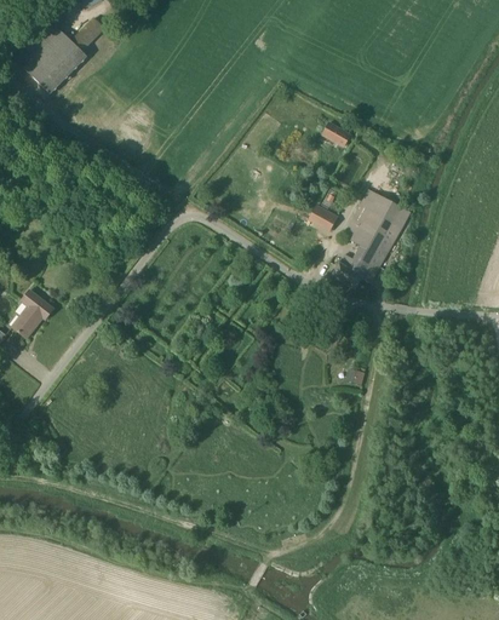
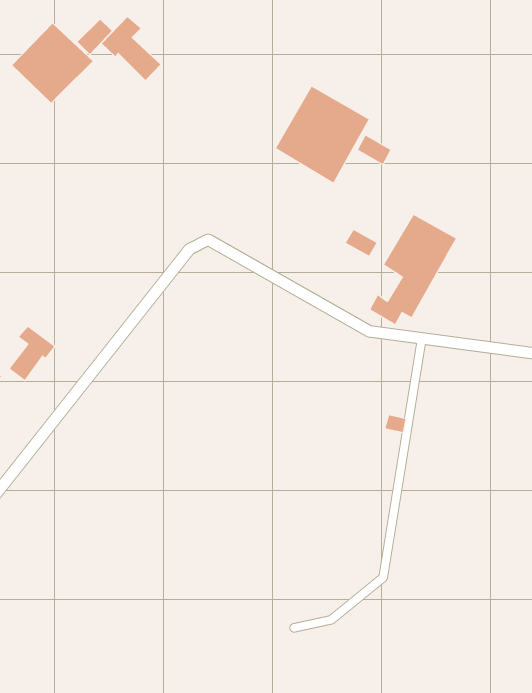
building: none -> [101,16,161,81]
building: none -> [275,86,369,184]

